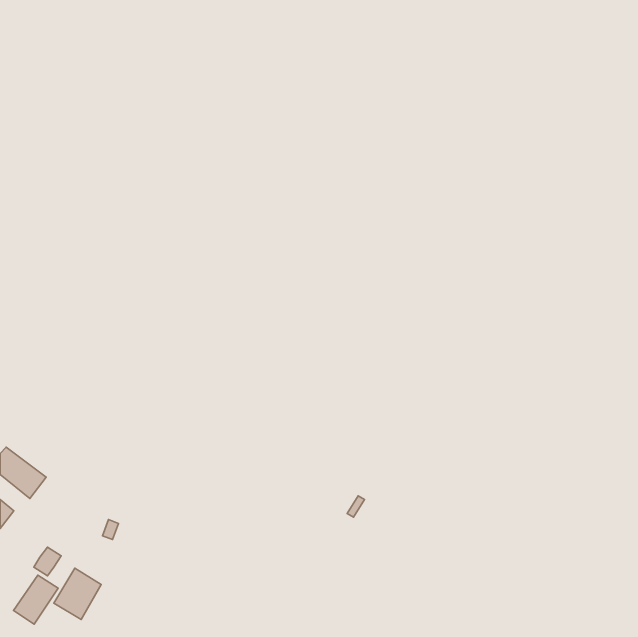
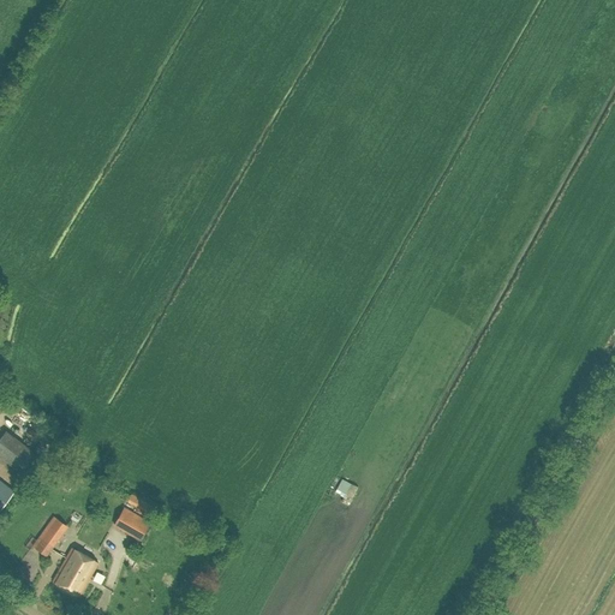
building: none -> [113,506,150,539]
building: [14,575,58,624] -> none

